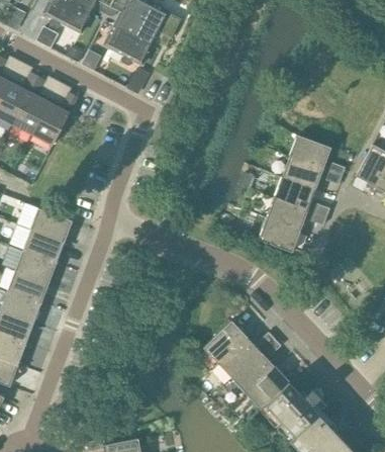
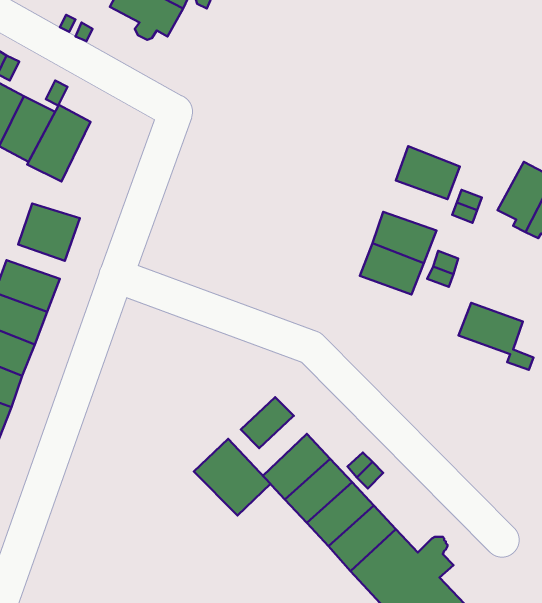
building: none -> [27,105,90,181]
building: [281,157,322,189] -> none
building: none -> [18,203,80,261]
building: [258,218,306,262] -> [459,303,534,370]
building: none -> [241,397,294,448]
building: none -> [194,439,270,516]

